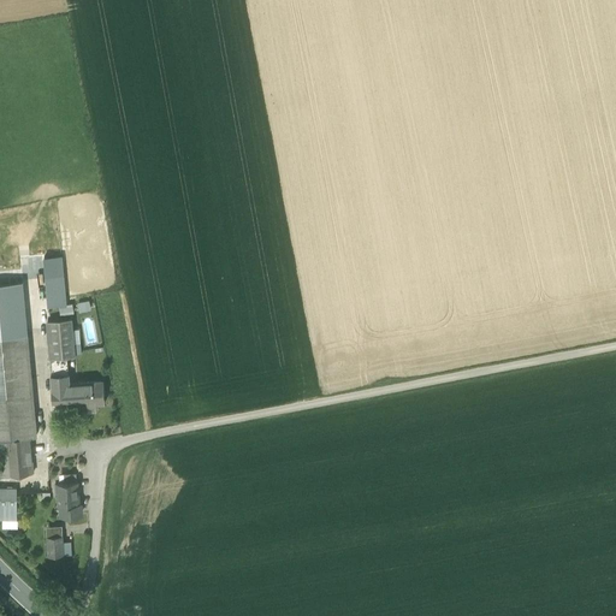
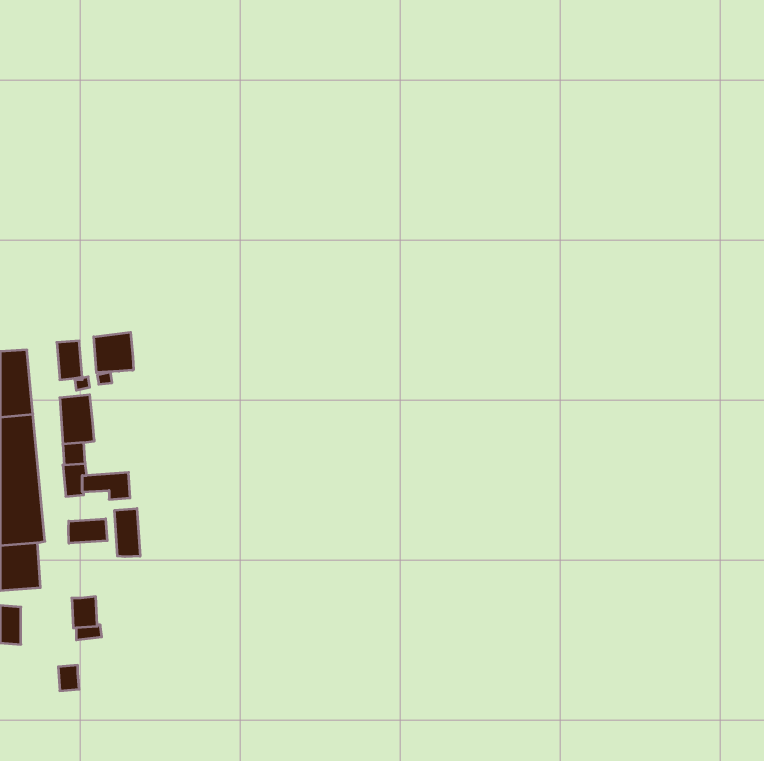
building: none -> [94,332,133,373]
building: none -> [115,508,140,557]
building: none -> [68,519,107,543]

